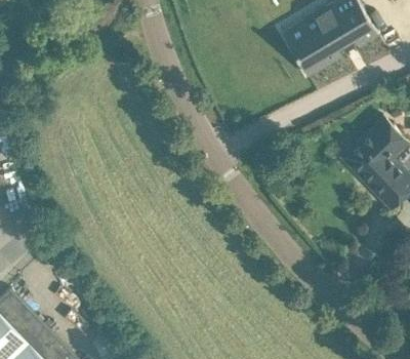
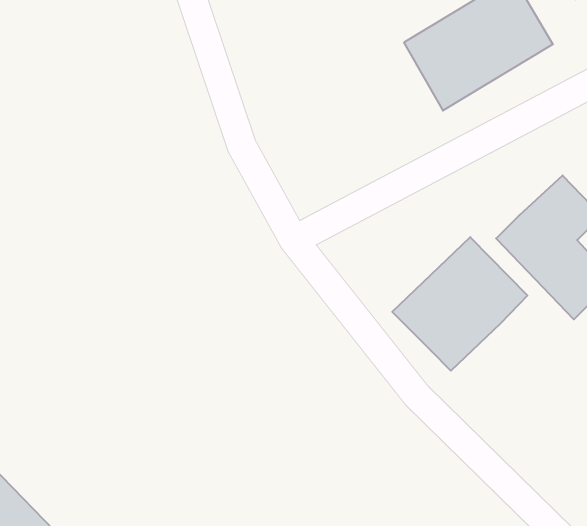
building: none -> [392,237,527,371]

